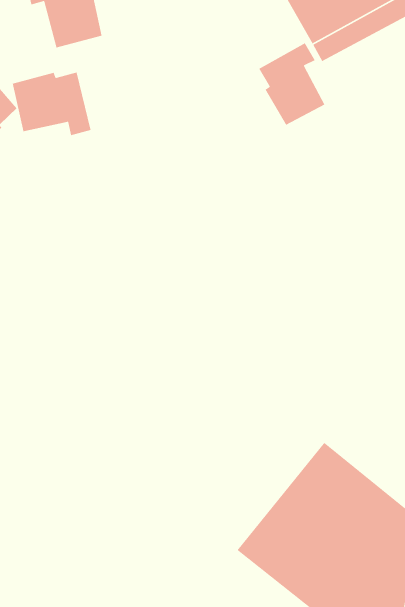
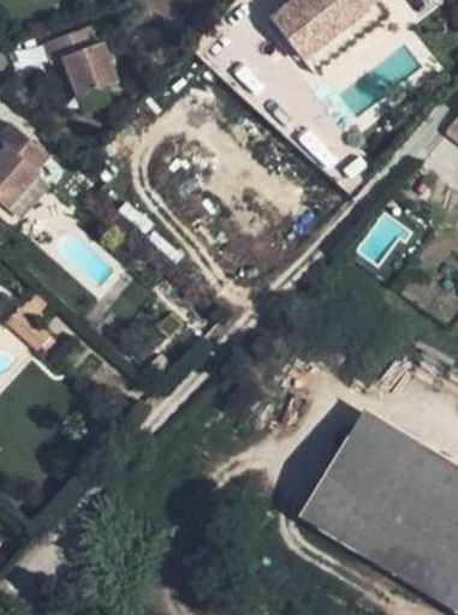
building: [258,42,325,126] -> none
building: [12,71,92,136] -> none

